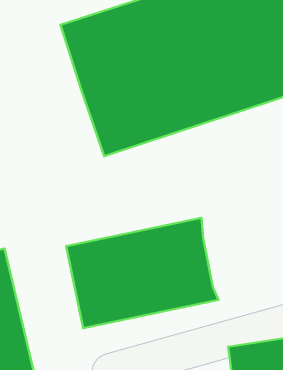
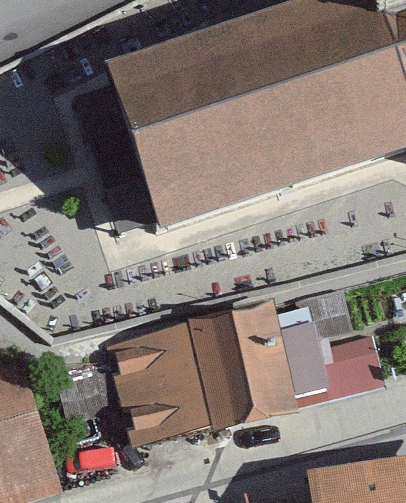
building: none -> [279,316,369,391]

